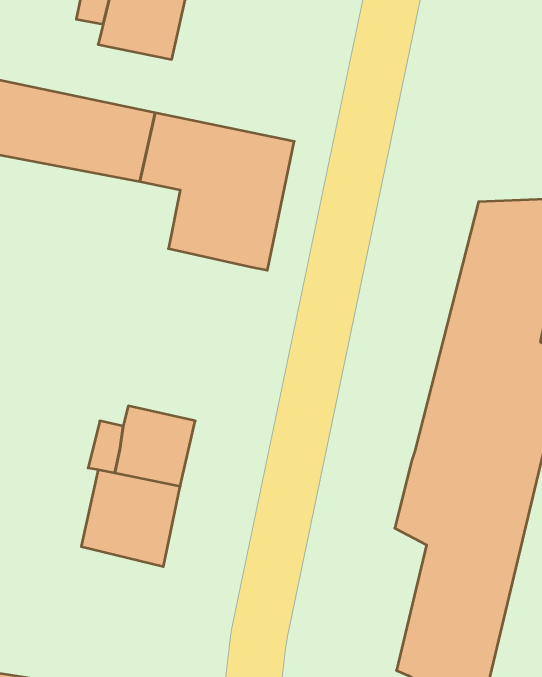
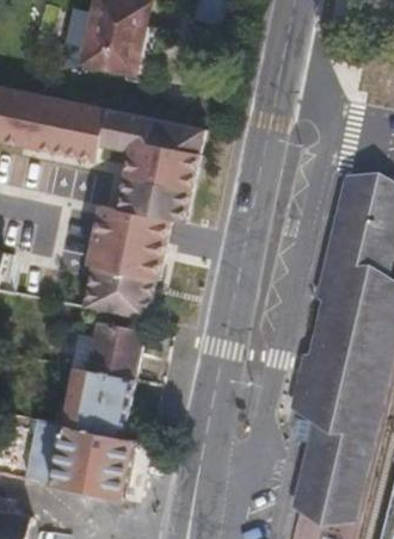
building: none -> [87,204,184,322]
building: none -> [25,415,134,495]

